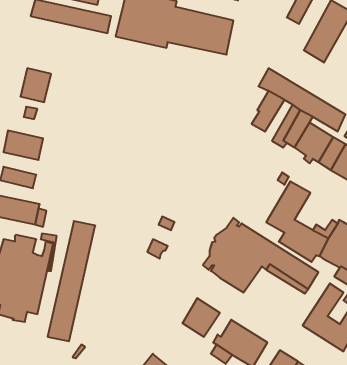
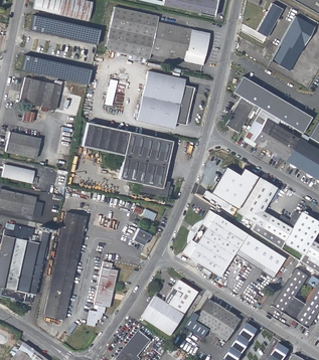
building: none -> [21,54,93,84]
building: none -> [137,71,194,128]
building: none -> [41,81,61,110]
building: none -> [83,122,172,197]
building: none -> [205,167,249,209]
building: none -> [87,261,118,326]
building: none -> [142,297,183,335]

